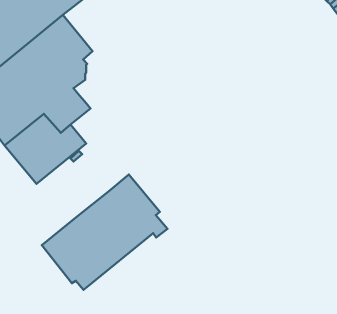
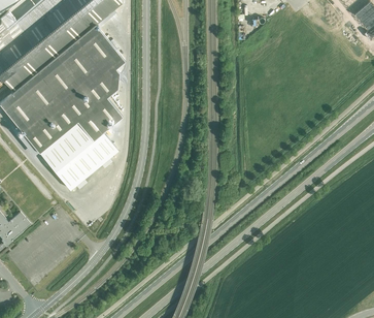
building: [42,174,167,290] -> none

